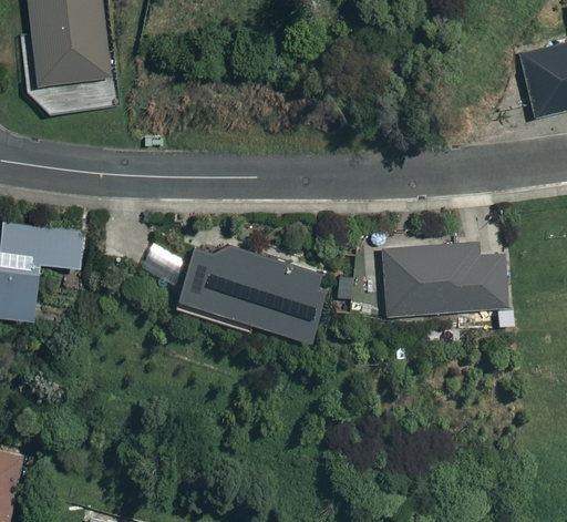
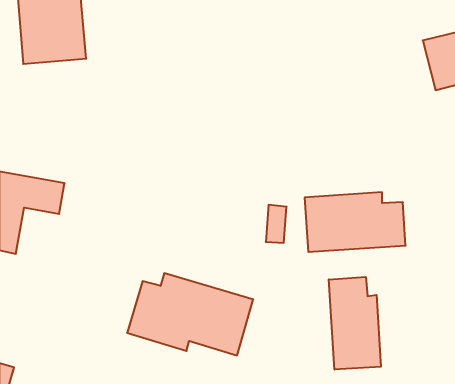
building: [169,236,324,337] -> [127,273,253,355]
building: none -> [329,277,381,370]

